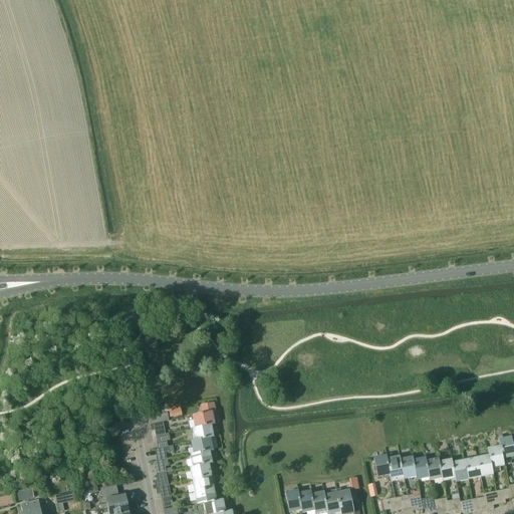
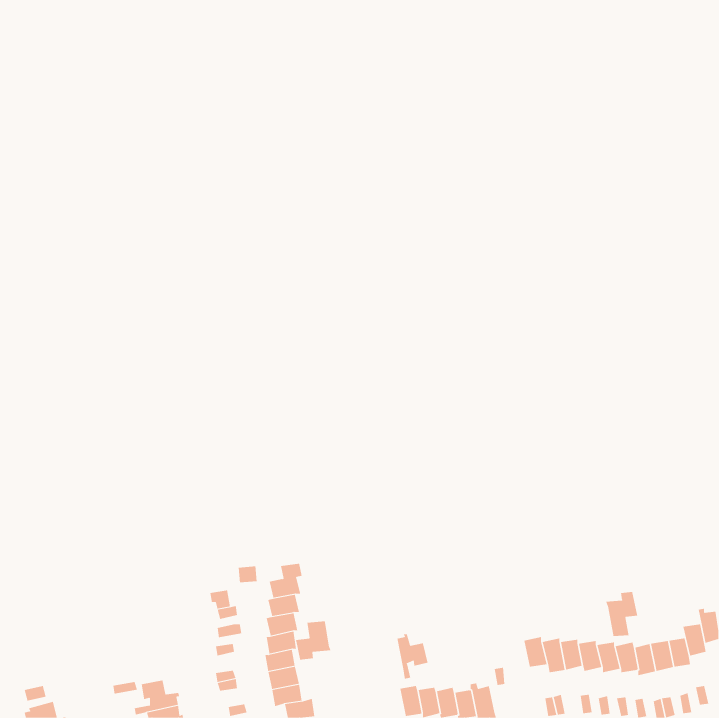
building: none -> [606,591,638,637]
building: none -> [295,620,331,661]
building: none -> [397,634,428,679]

